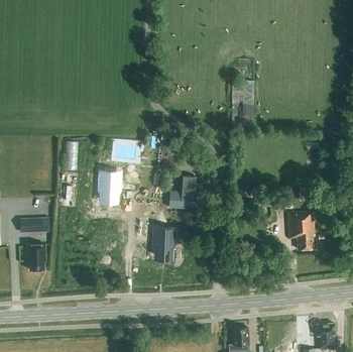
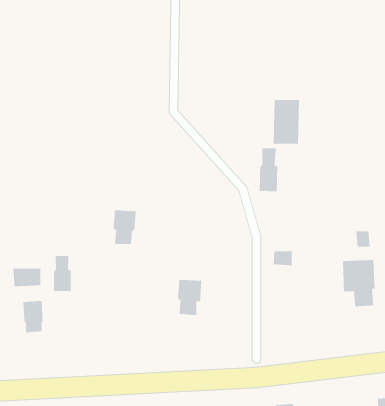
building: none -> [259,148,278,192]
building: [169,177,204,210] -> none
building: none -> [53,255,71,292]

